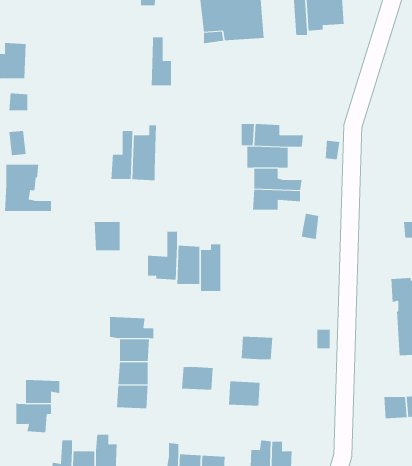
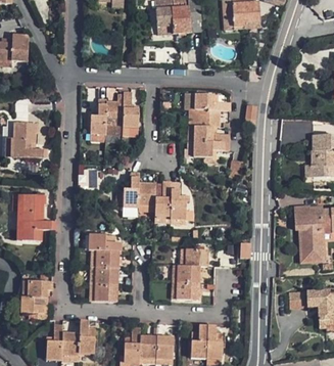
building: [151,37,172,86] -> [123,91,138,127]
building: none -> [171,181,186,220]
building: none -> [16,193,55,240]
building: [181,367,213,390] -> [177,265,200,282]

